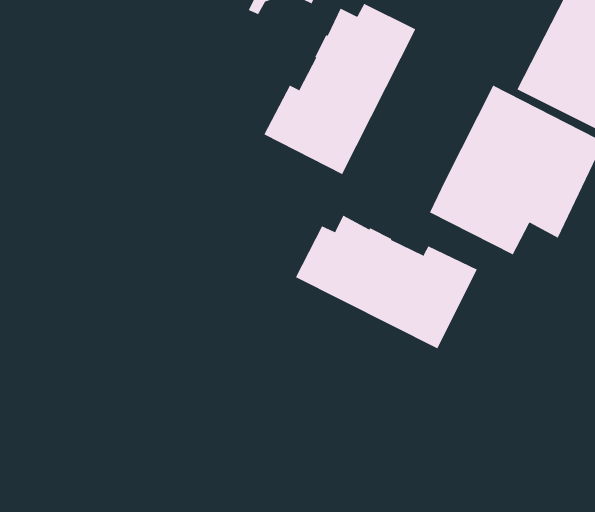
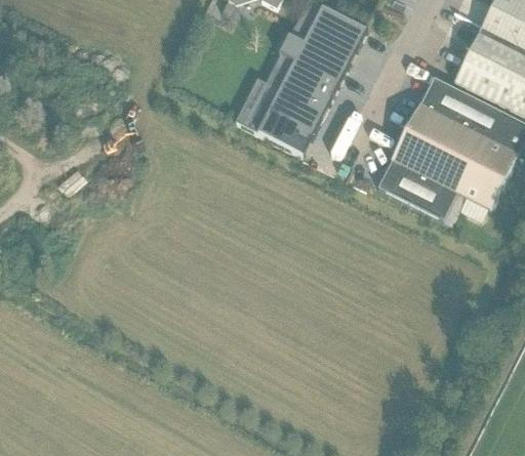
building: [295,215,477,349] -> none

